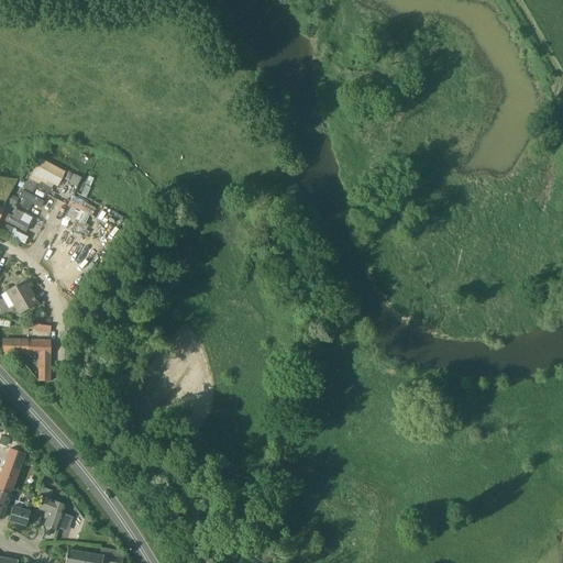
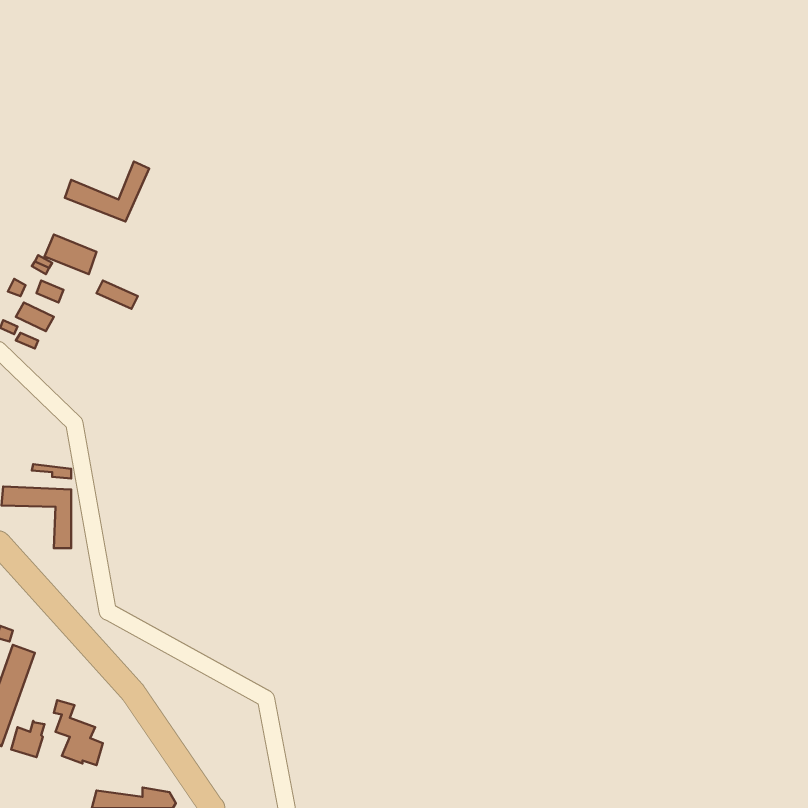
building: none -> [65,162,149,222]
building: [7,282,37,313] -> none

